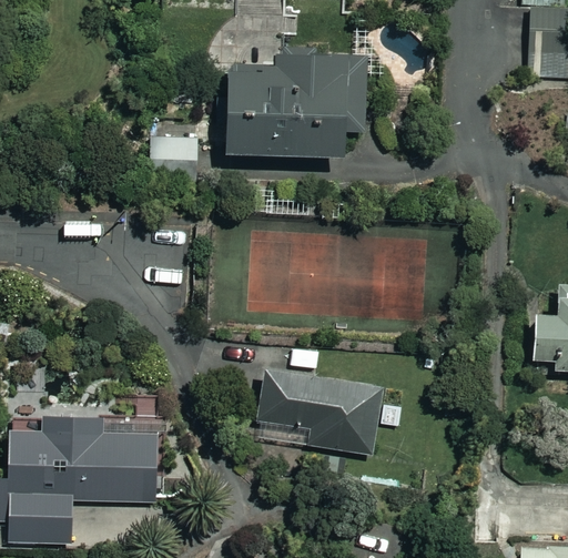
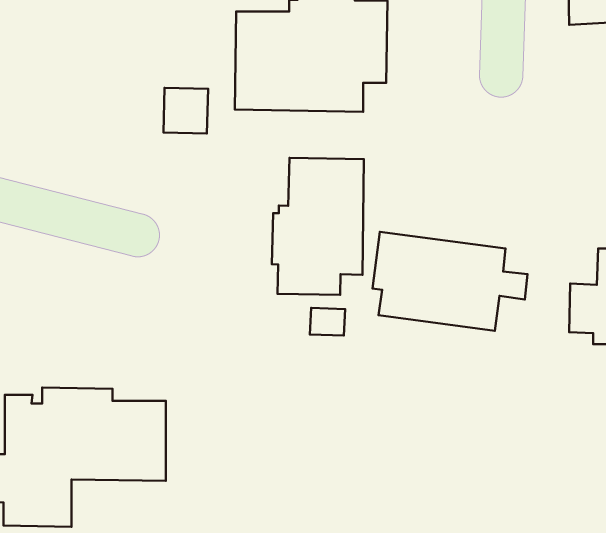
building: none -> [272,158,364,295]
building: [263,365,405,456] -> [372,232,527,331]

